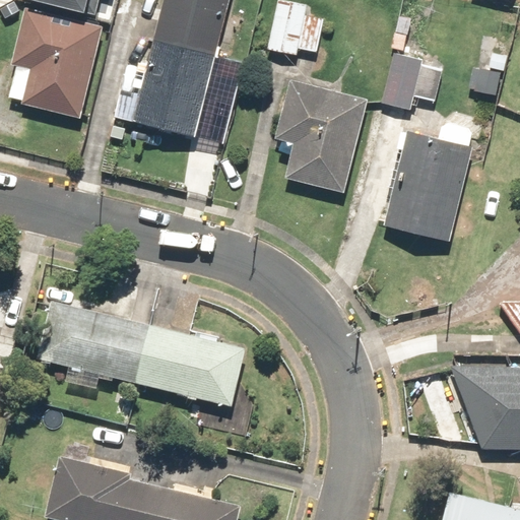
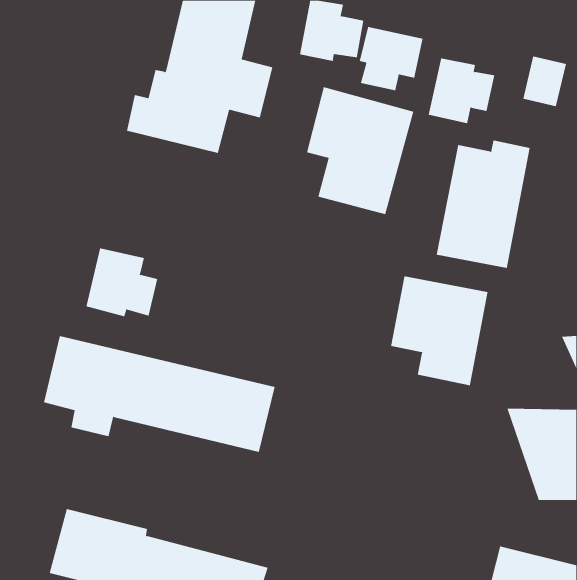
building: [7,10,102,117] -> none
building: none -> [359,26,423,91]
building: none -> [86,247,158,317]
building: none -> [390,276,488,386]

